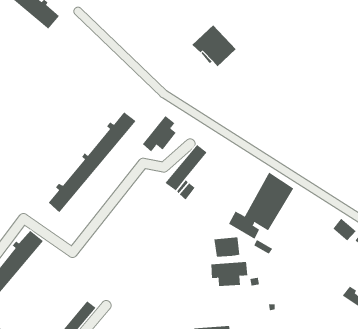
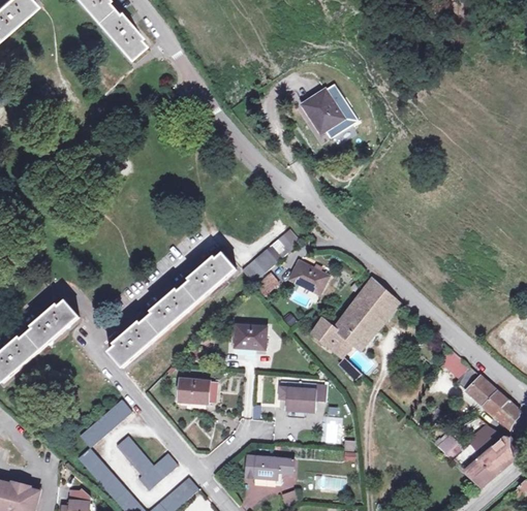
building: [48,111,136,213] -> [110,254,236,366]
building: [142,115,177,152] -> none
building: none -> [289,260,329,292]
building: [213,237,240,257] -> [236,323,267,348]
building: none -> [178,379,217,403]

